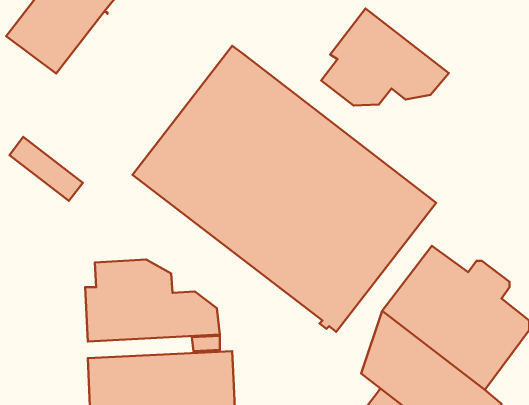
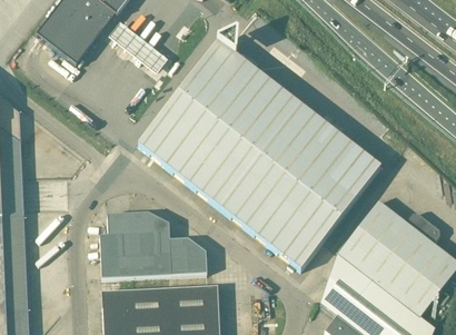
building: [321,9,449,106] -> none
building: [9,137,83,201] -> [109,22,168,73]

